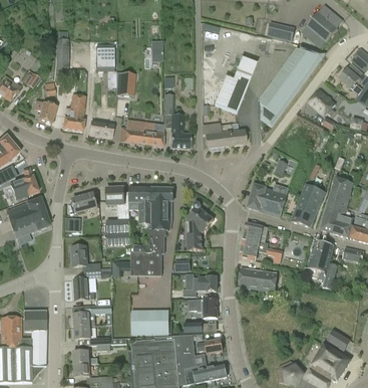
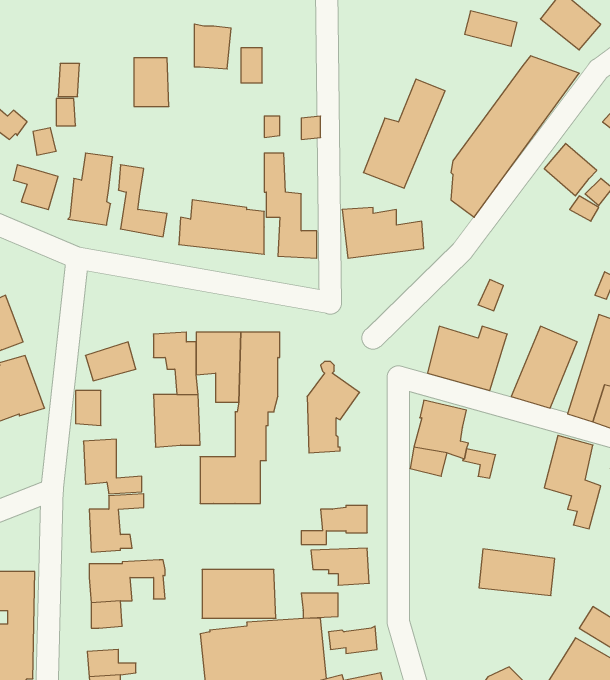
building: [116,71,135,94] -> [194,24,231,69]
building: [238,267,277,292] -> [479,549,555,596]

